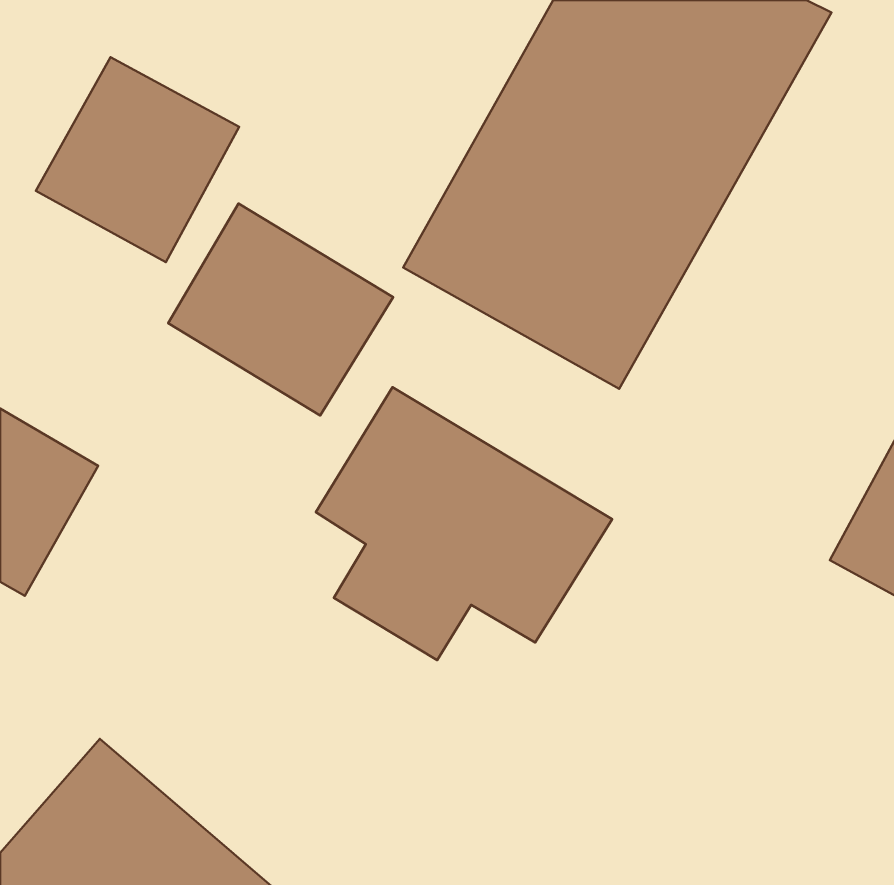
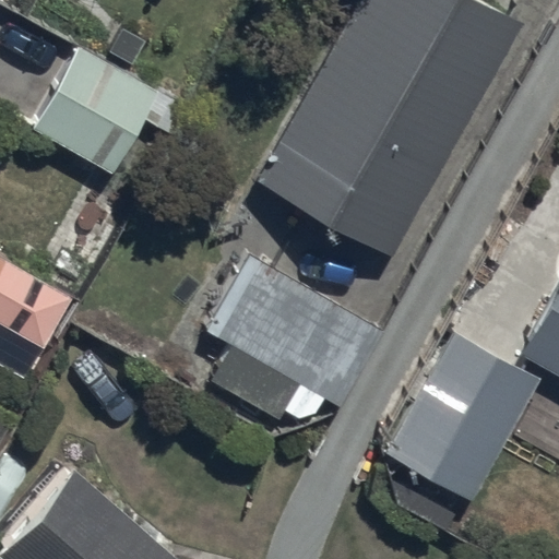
building: [168,204,393,416] -> none
building: none -> [384,332,540,502]

